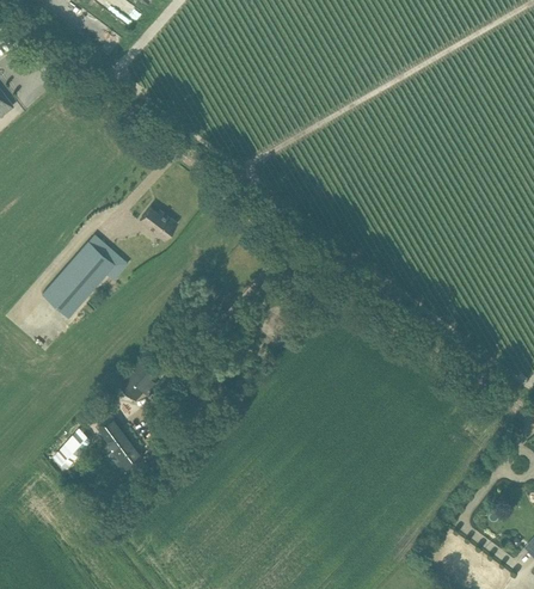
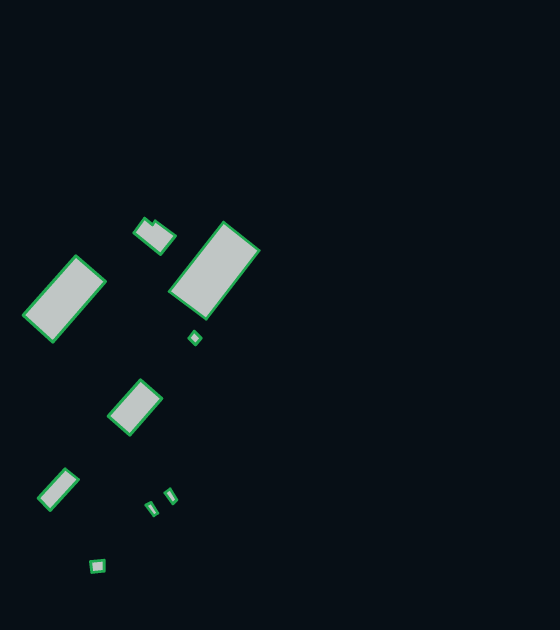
building: none -> [169,222,259,319]
building: [97,415,142,472] -> none

